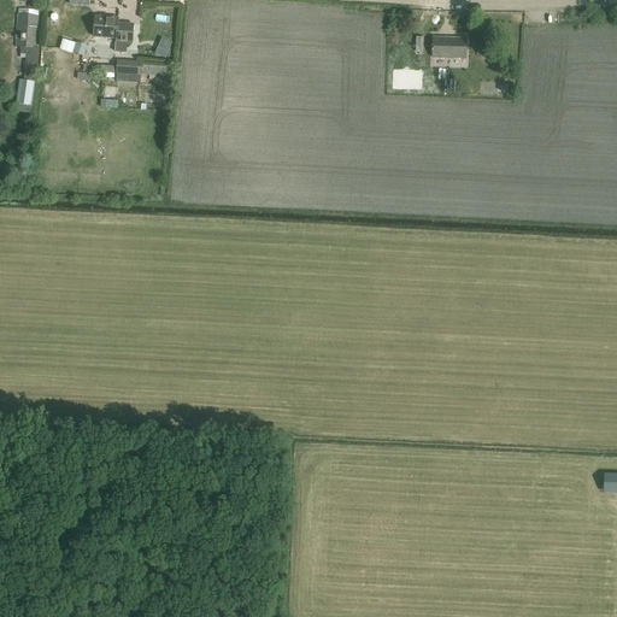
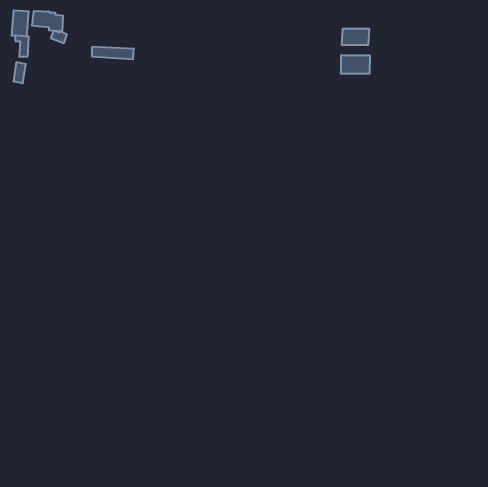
building: [93,16,133,41] -> [32,11,63,31]
building: none -> [341,55,370,74]

